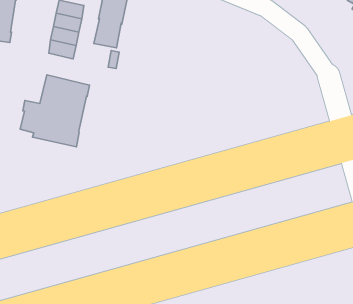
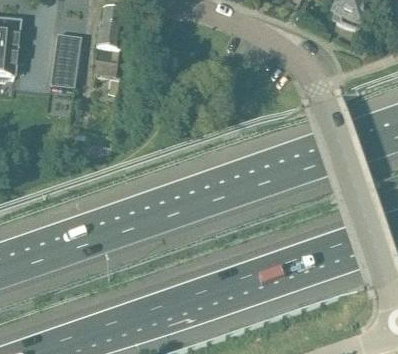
building: [20,75,90,147] -> none

